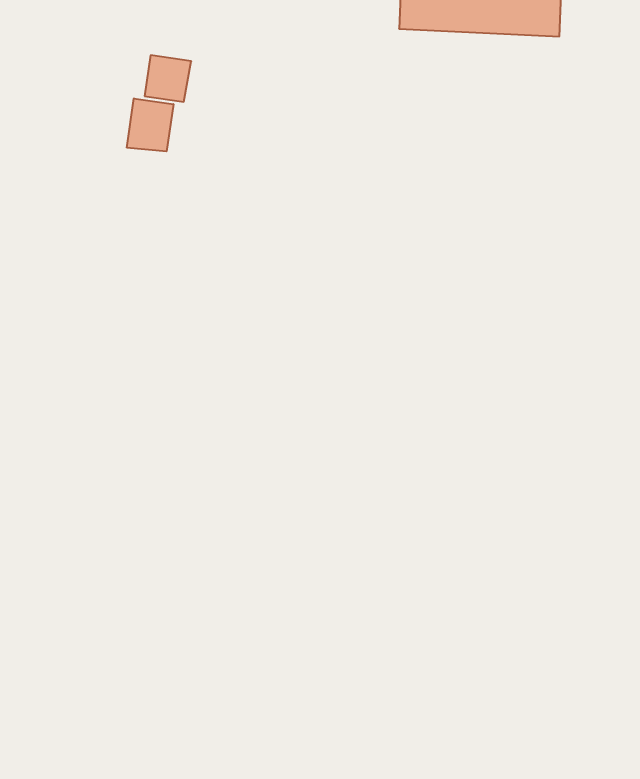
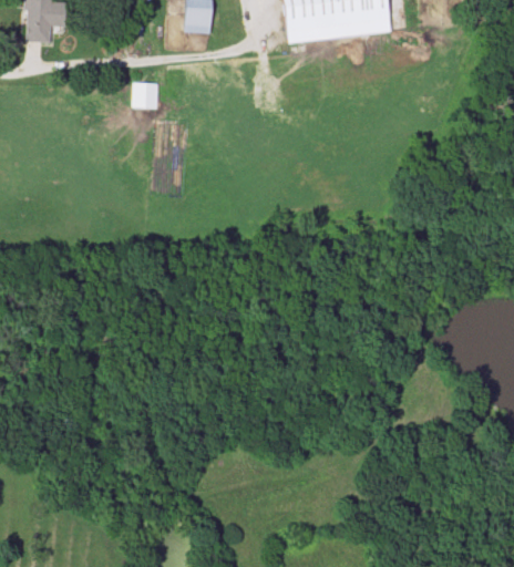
building: [127,98,173,151] -> none

